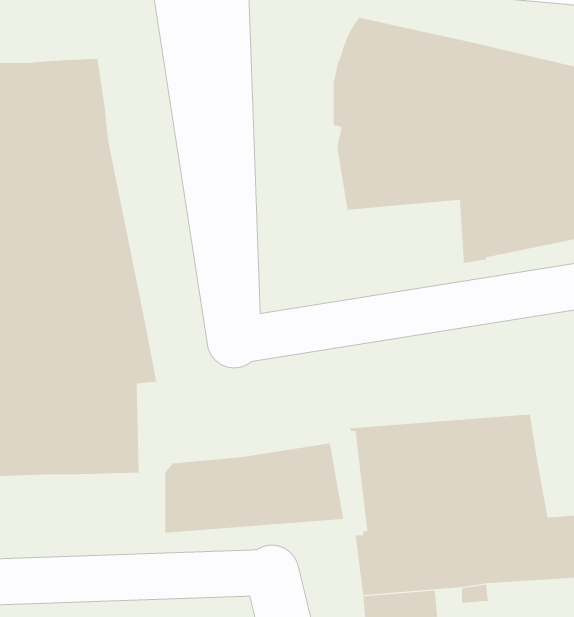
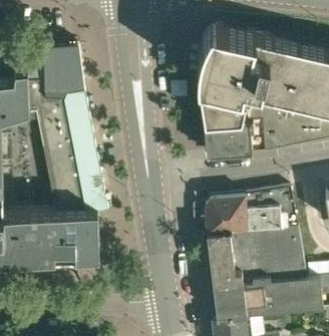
building: none -> [204,121,263,158]
building: [165,443,344,533] -> [205,191,296,237]

